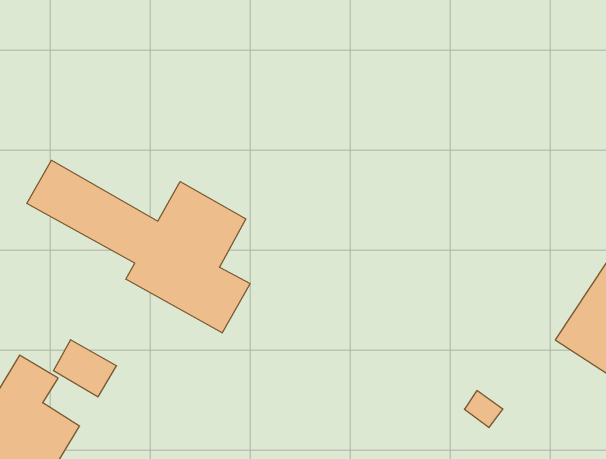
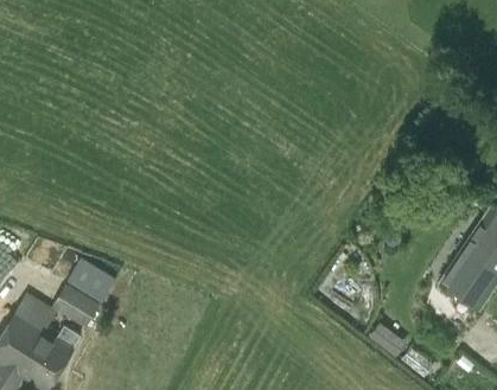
building: [27,160,250,333] -> none
building: none -> [66,258,116,303]

